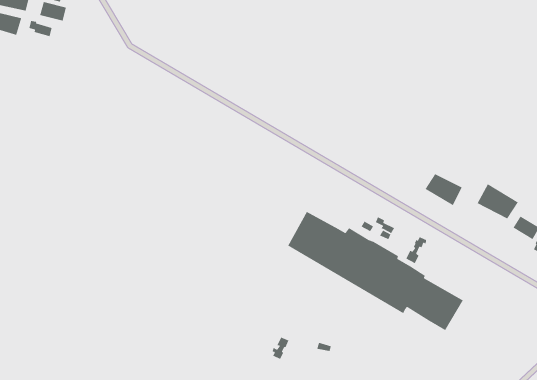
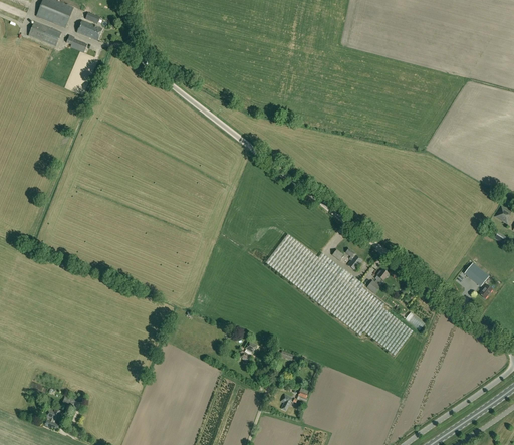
building: [425,173,463,206] -> none
building: [477,183,519,220] -> none

